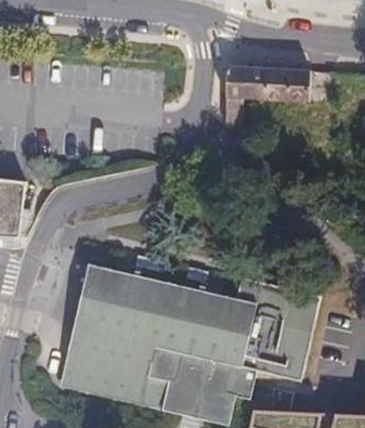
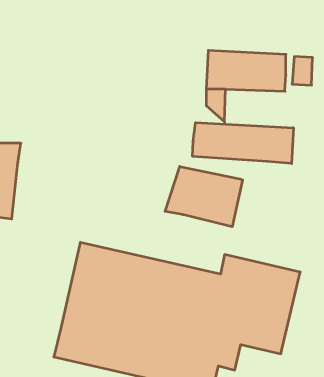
building: none -> [193,123,293,164]
building: none -> [165,166,243,227]

